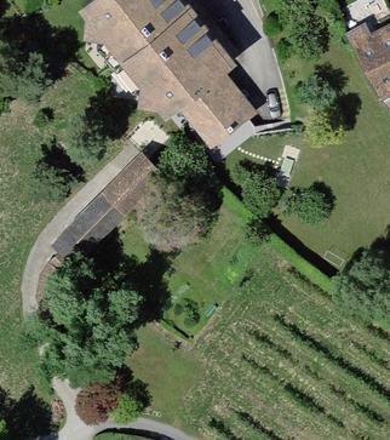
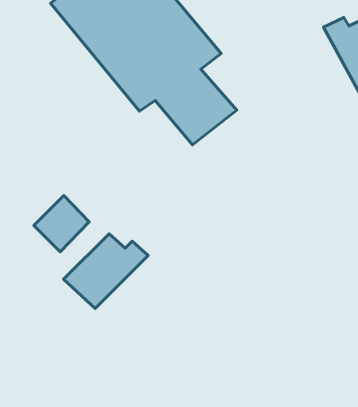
building: [108,158,156,206] -> none
building: none -> [63,234,148,309]

